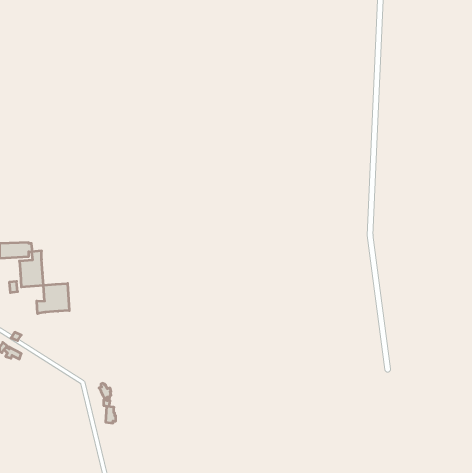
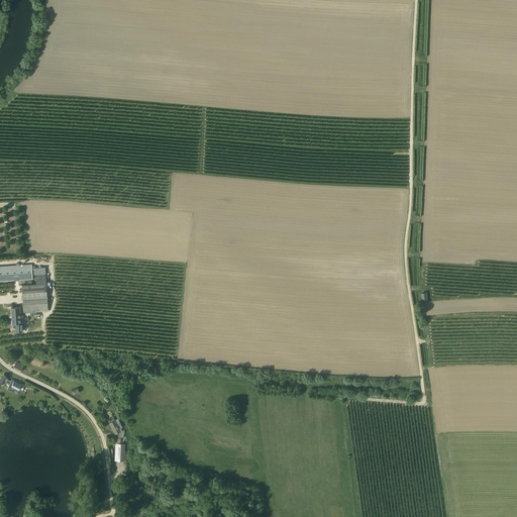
building: [37,283,69,314] -> none

